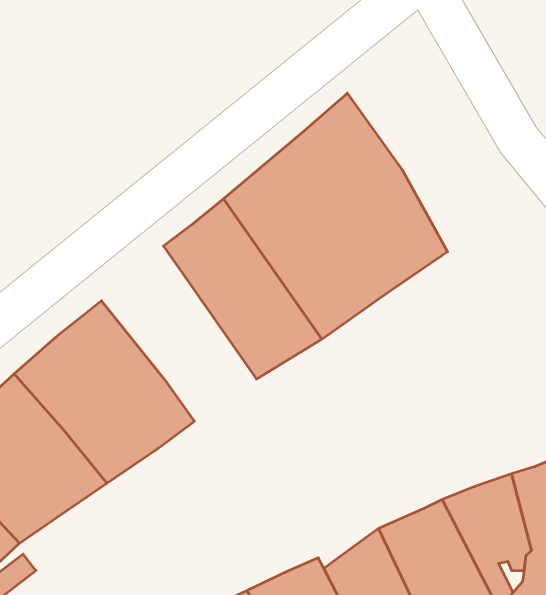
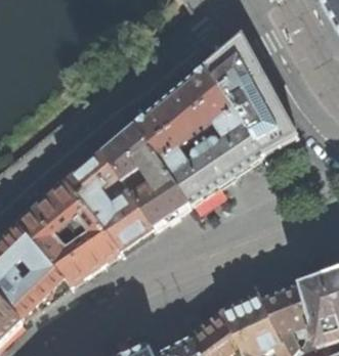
building: none -> [206,43,290,157]
building: none -> [68,153,155,252]

